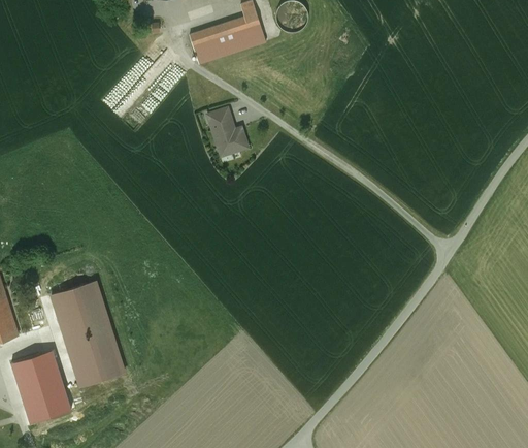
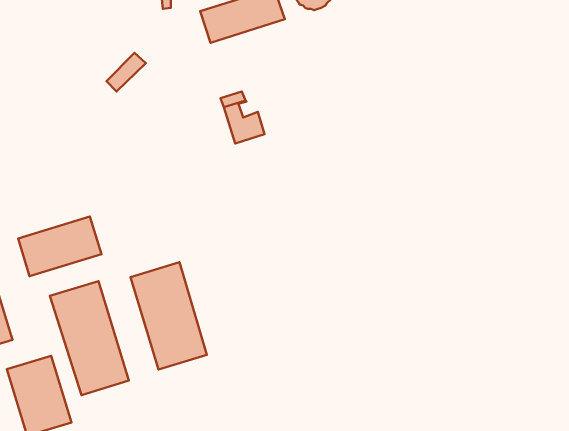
building: none -> [18,216,101,276]
building: none -> [130,262,207,369]

